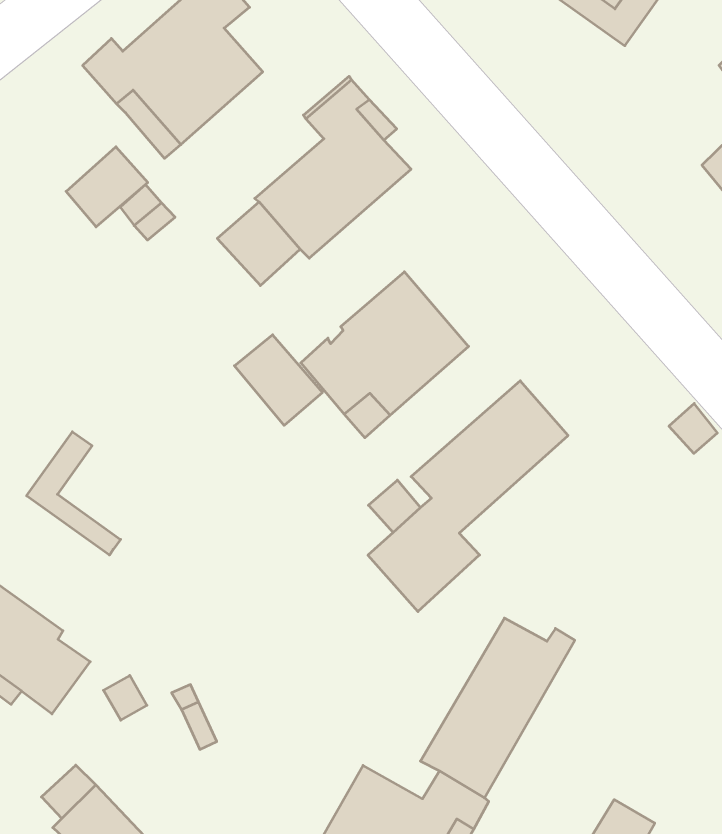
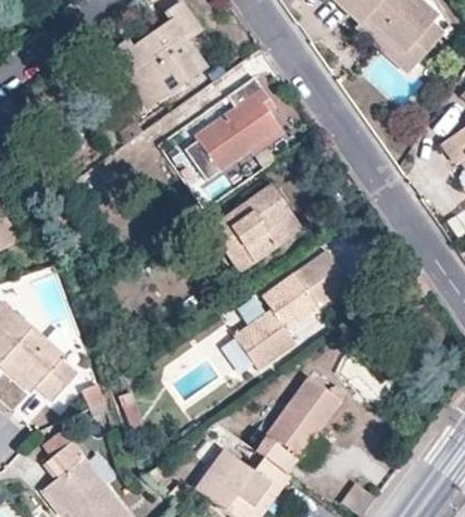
building: [66,147,148,227] -> none
building: [234,335,322,425] -> none
building: [27,432,121,555] -> none

